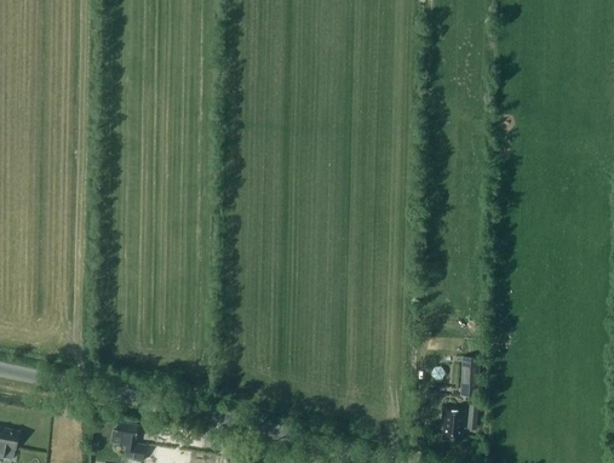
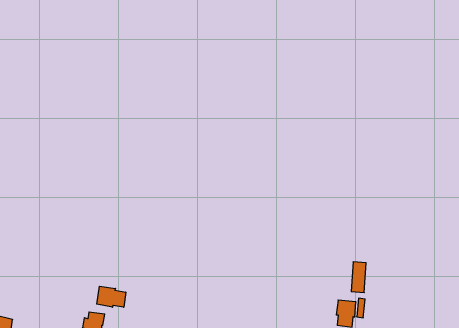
building: none -> [97,286,126,307]

